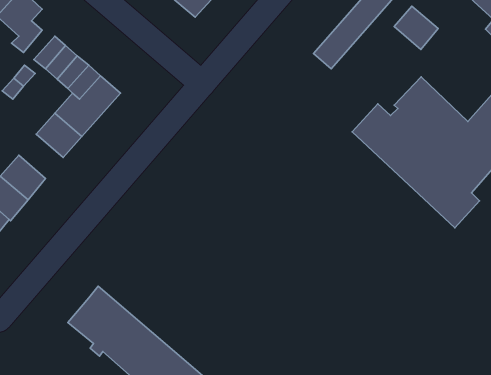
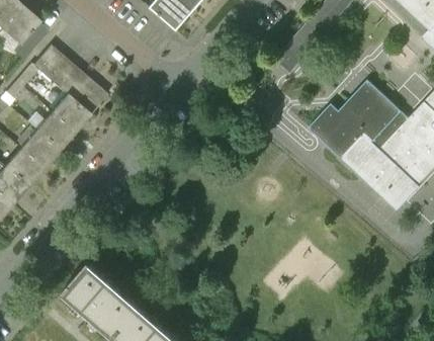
building: [394,6,438,50] -> none
building: none -> [20,130,59,168]

